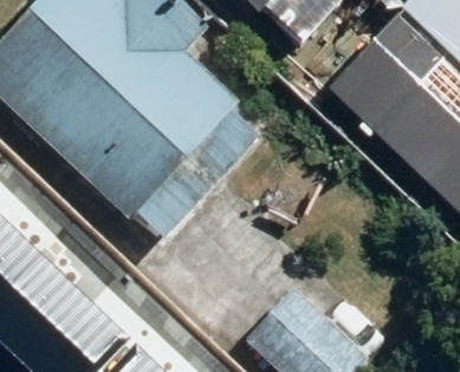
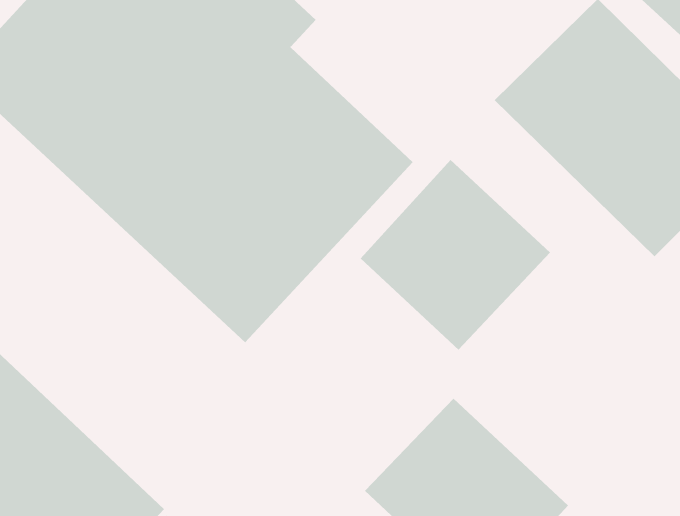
building: none -> [360,159,551,350]

